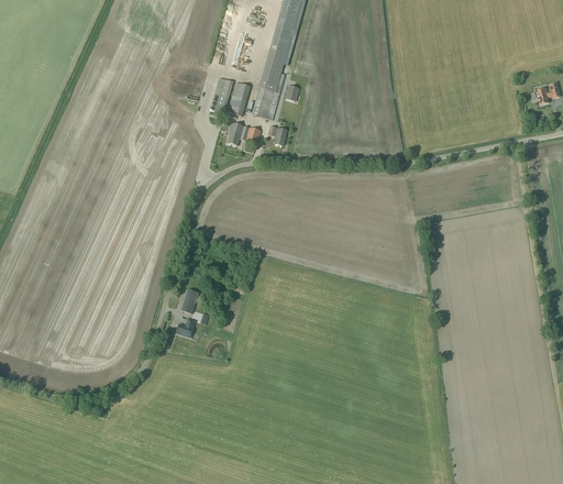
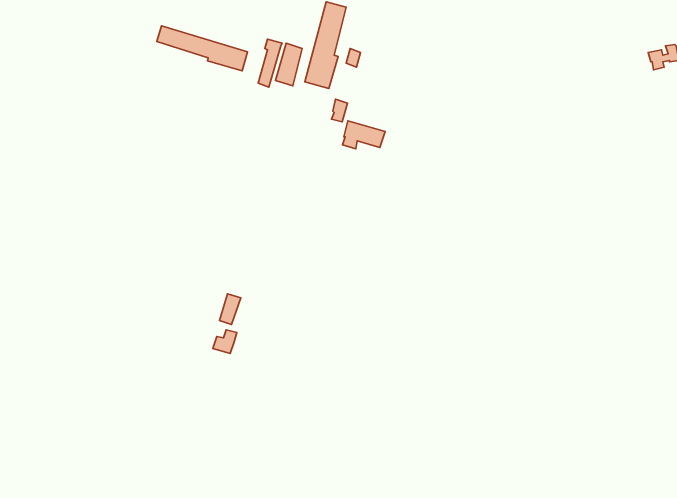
building: none -> [157,26,248,71]
building: [227,121,262,144] -> [342,121,385,149]

